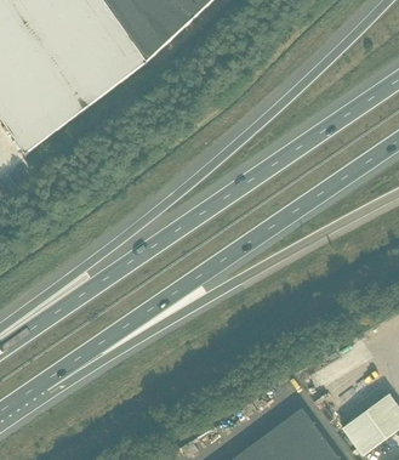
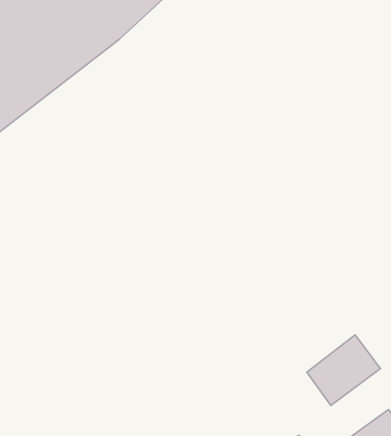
building: none -> [307,335,380,405]

